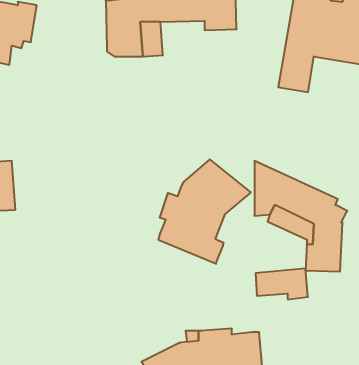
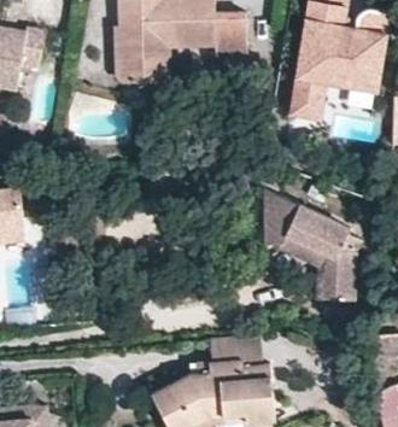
building: [159,159,251,264] -> none
building: [256,268,308,299] -> [210,334,263,365]

